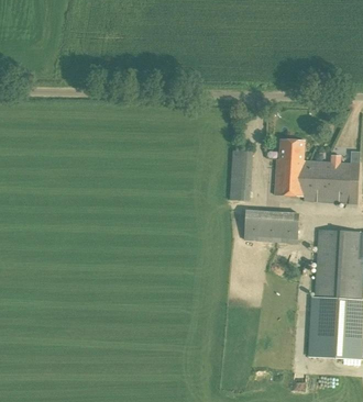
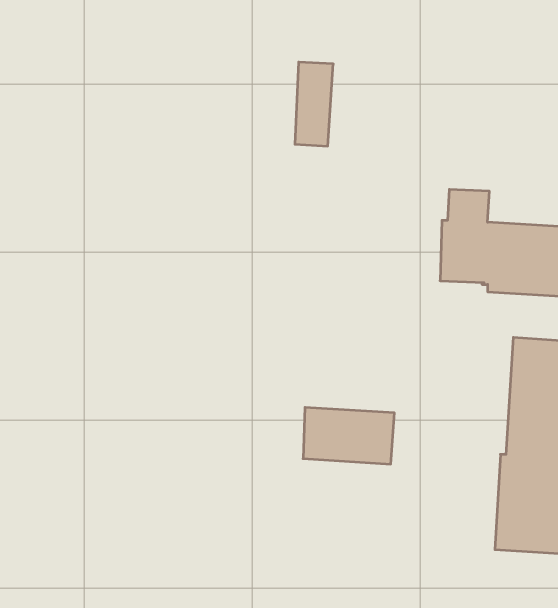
building: [230,149,253,200] -> [295,62,333,146]
building: [244,209,299,243] -> [303,407,394,464]

